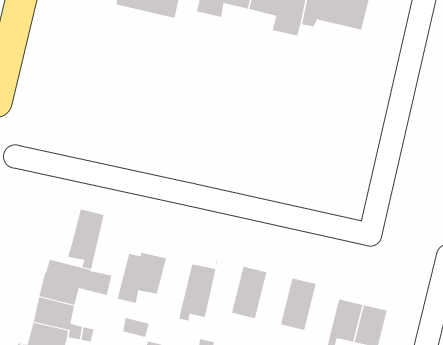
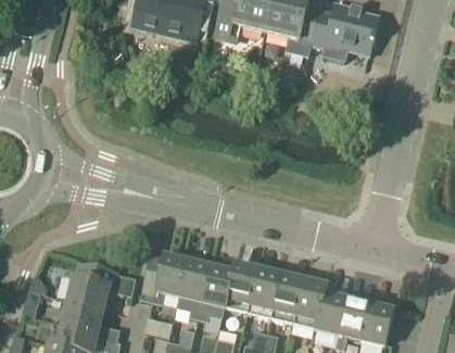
building: [67,209,105,270] -> [176,263,211,319]
building: none -> [226,265,258,314]
building: none -> [270,276,304,325]
building: none -> [316,287,347,336]

